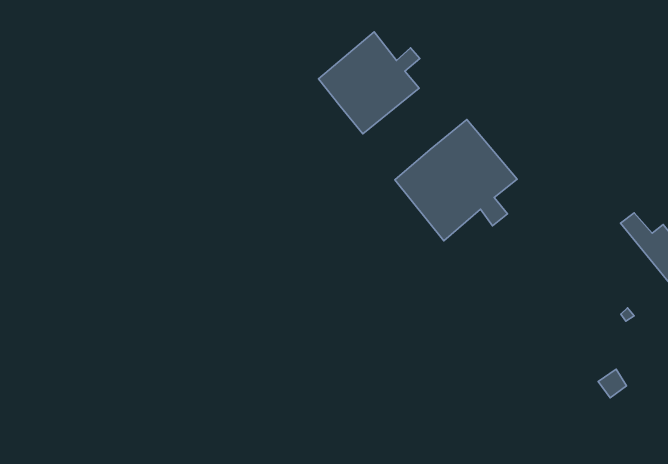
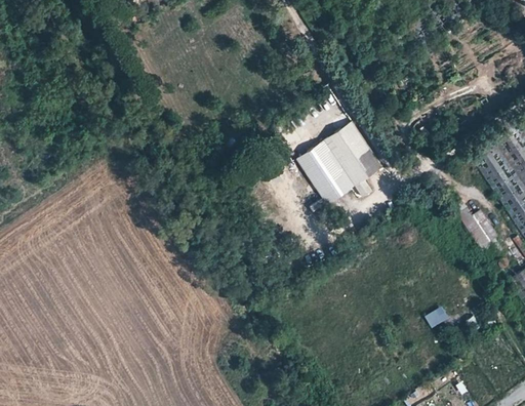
building: [318,32,420,134] -> none

